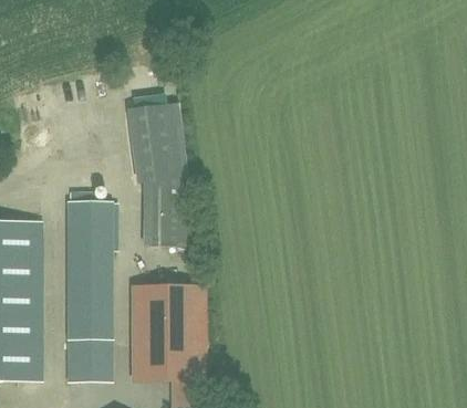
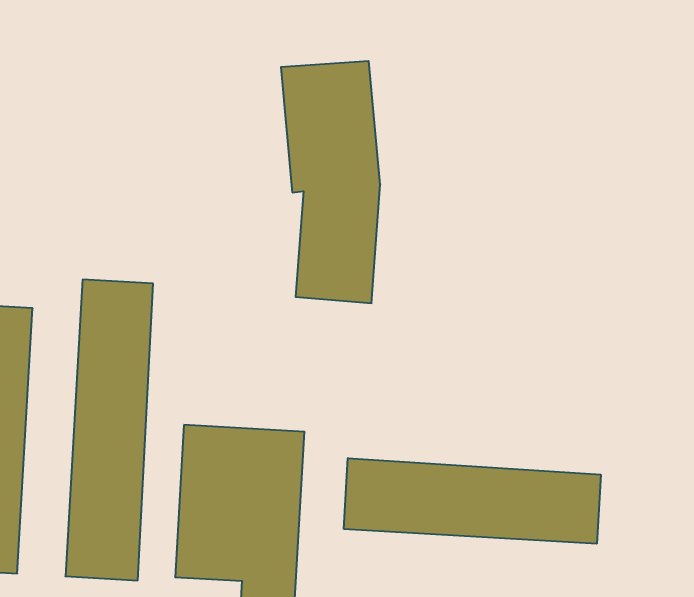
building: [125,103,188,247] -> [281,61,380,303]
building: none -> [344,458,601,544]

